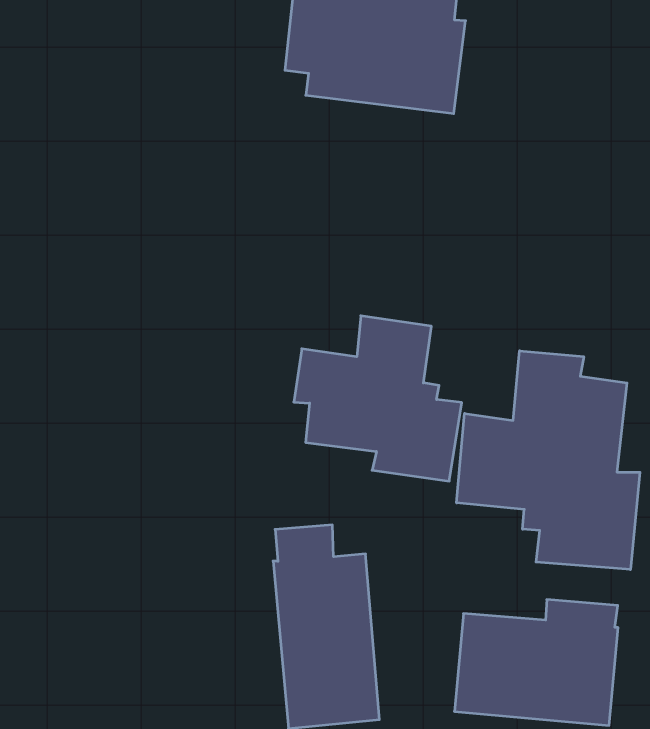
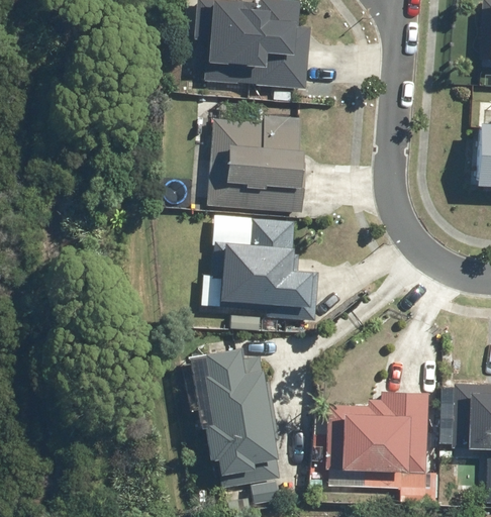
building: none -> [211,120,301,209]
building: [457,351,640,570] -> none

